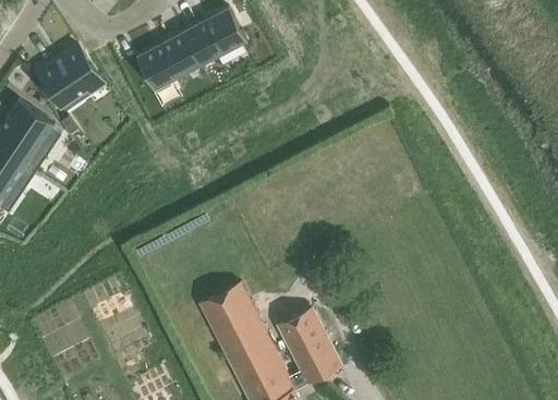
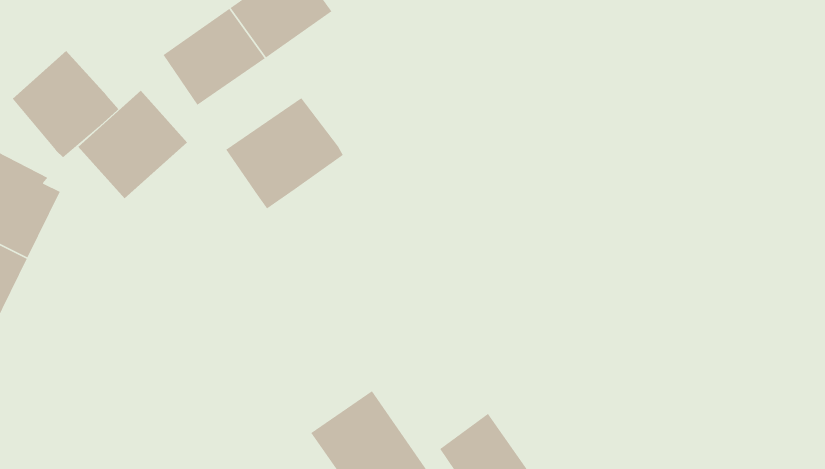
building: none -> [78,90,188,199]
building: none -> [225,97,344,209]

